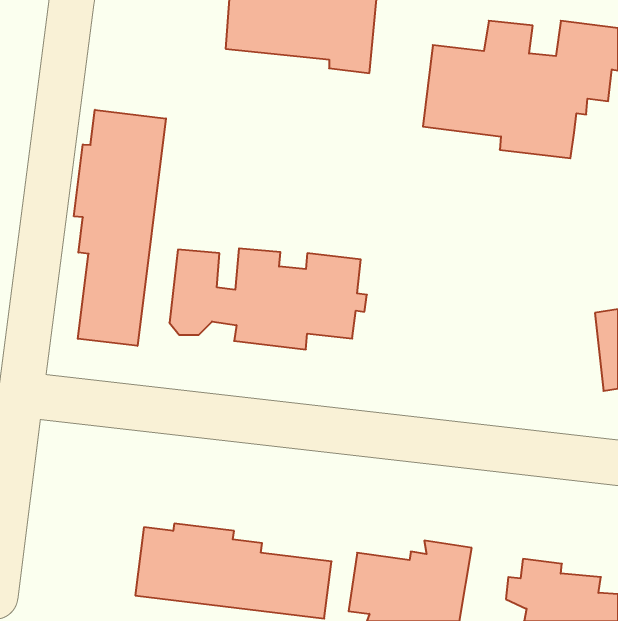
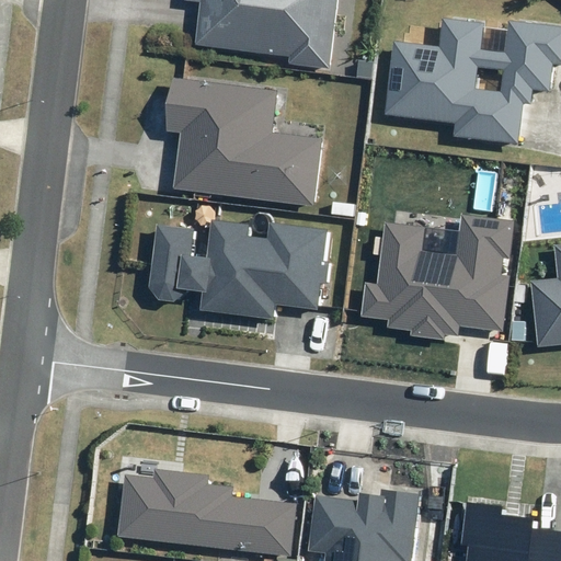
building: none -> [168,77,321,206]
building: [74,110,166,346] -> none
building: none -> [352,215,511,344]

